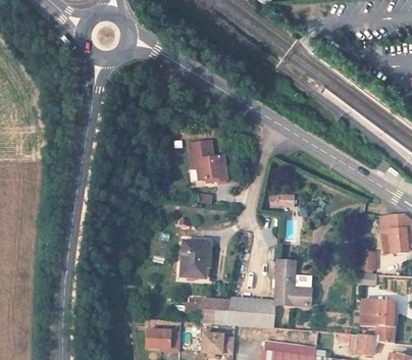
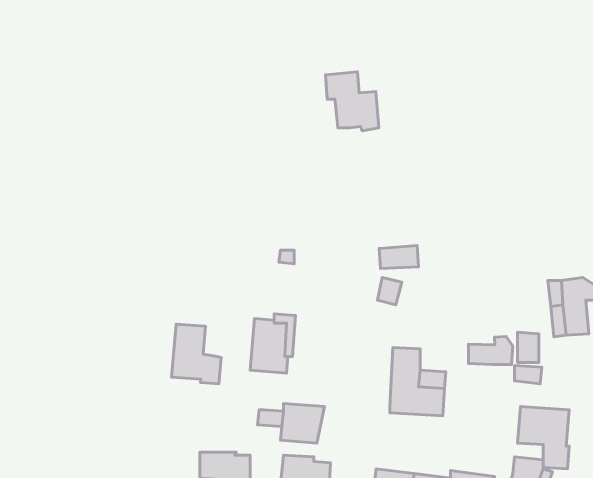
building: [193,141,228,181] -> [326,72,379,131]
building: none -> [172,324,221,384]
building: none -> [468,336,513,364]
building: [225,297,274,327] -> none

